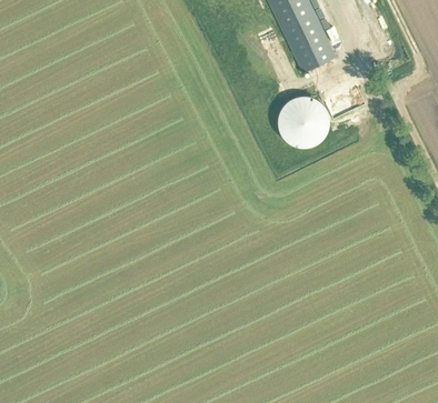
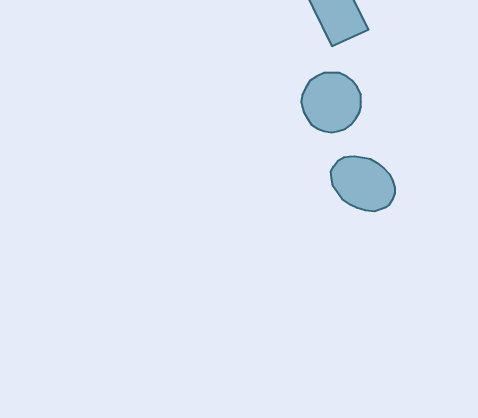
building: none -> [331,156,395,211]

